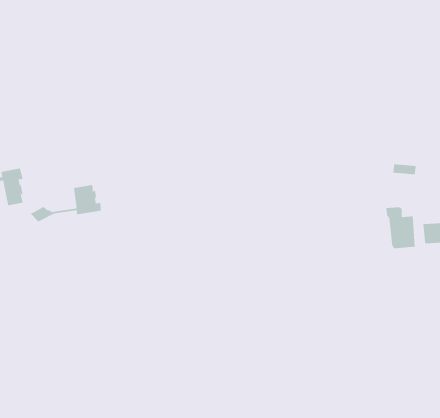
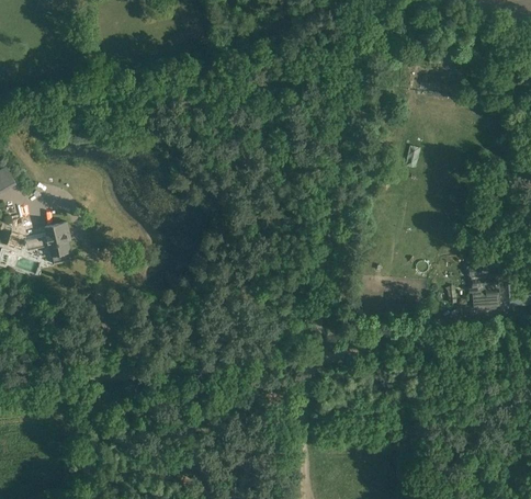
building: [30,184,101,222] -> none

